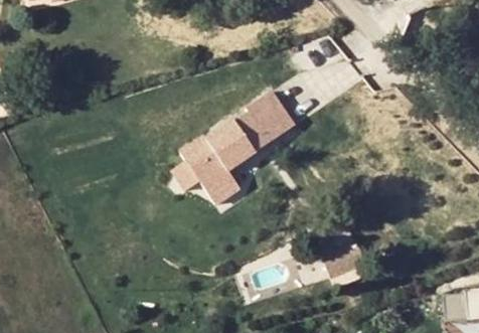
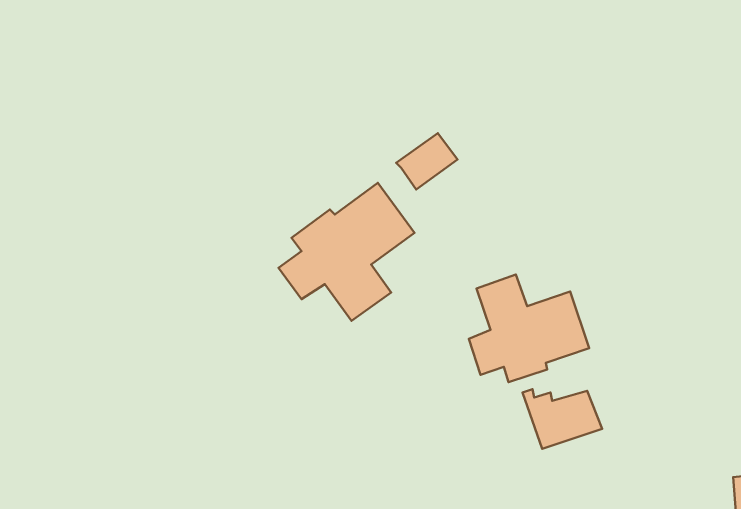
building: [232,106,293,150] -> none
building: none -> [469,275,589,382]

